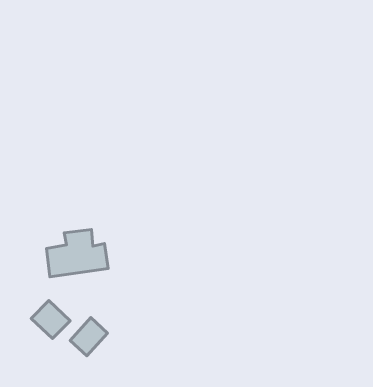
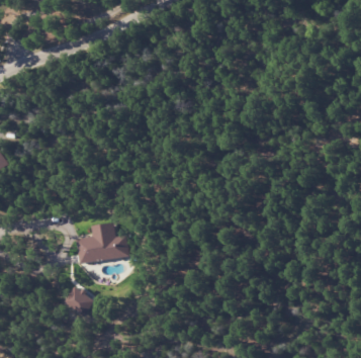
building: [70,318,107,356] -> none

